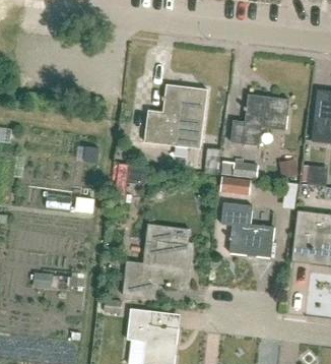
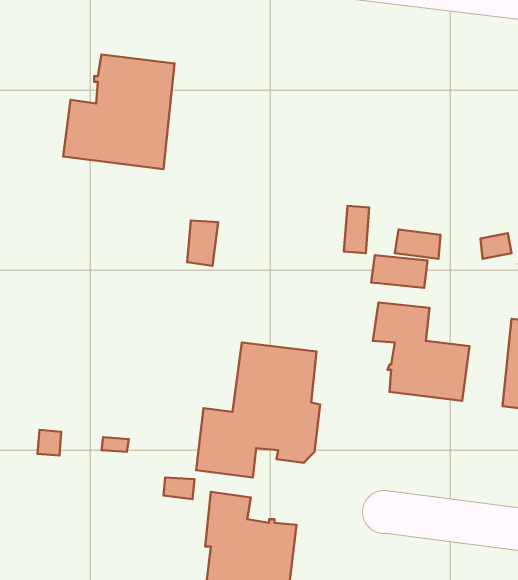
building: [144,85,206,149] -> [63,54,174,169]
building: [229,95,288,146] -> none

